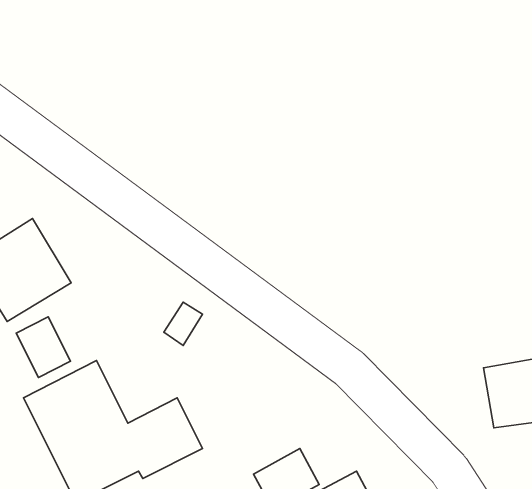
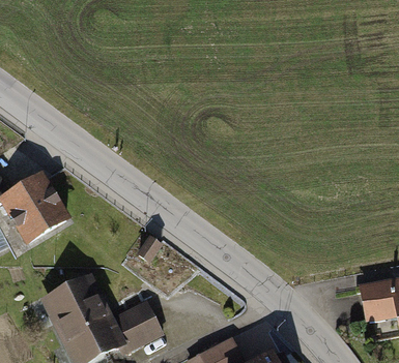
building: [16,317,70,378] -> none

